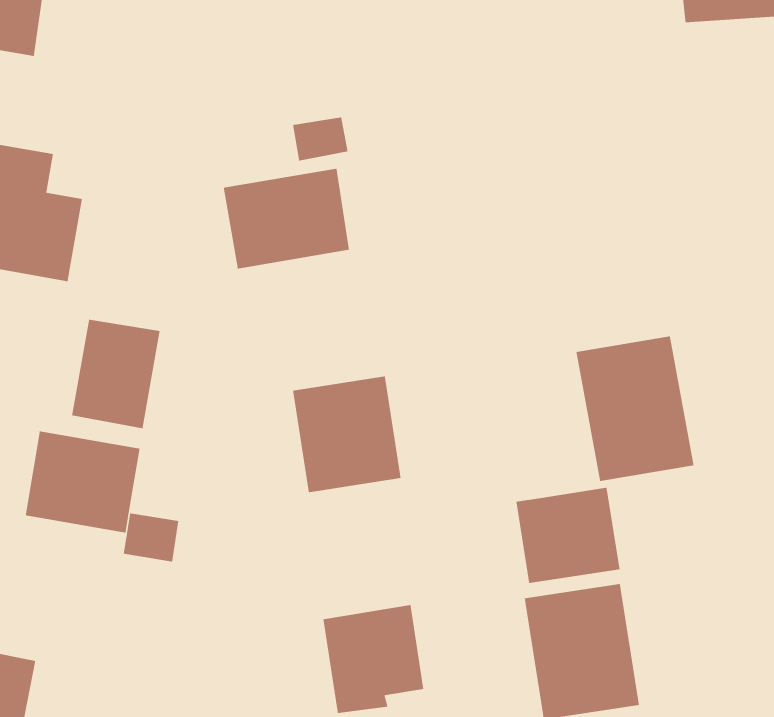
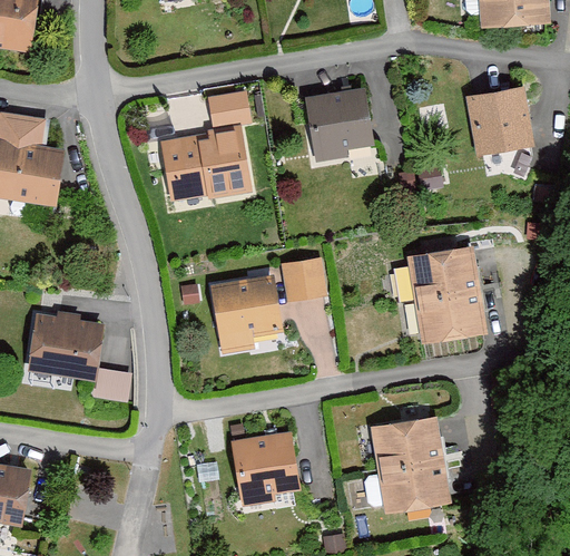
building: none -> [304,86,374,162]
building: none -> [465,86,534,156]
building: [71,319,160,429] -> none
building: none -> [281,255,327,301]
building: [516,487,620,584] -> none

